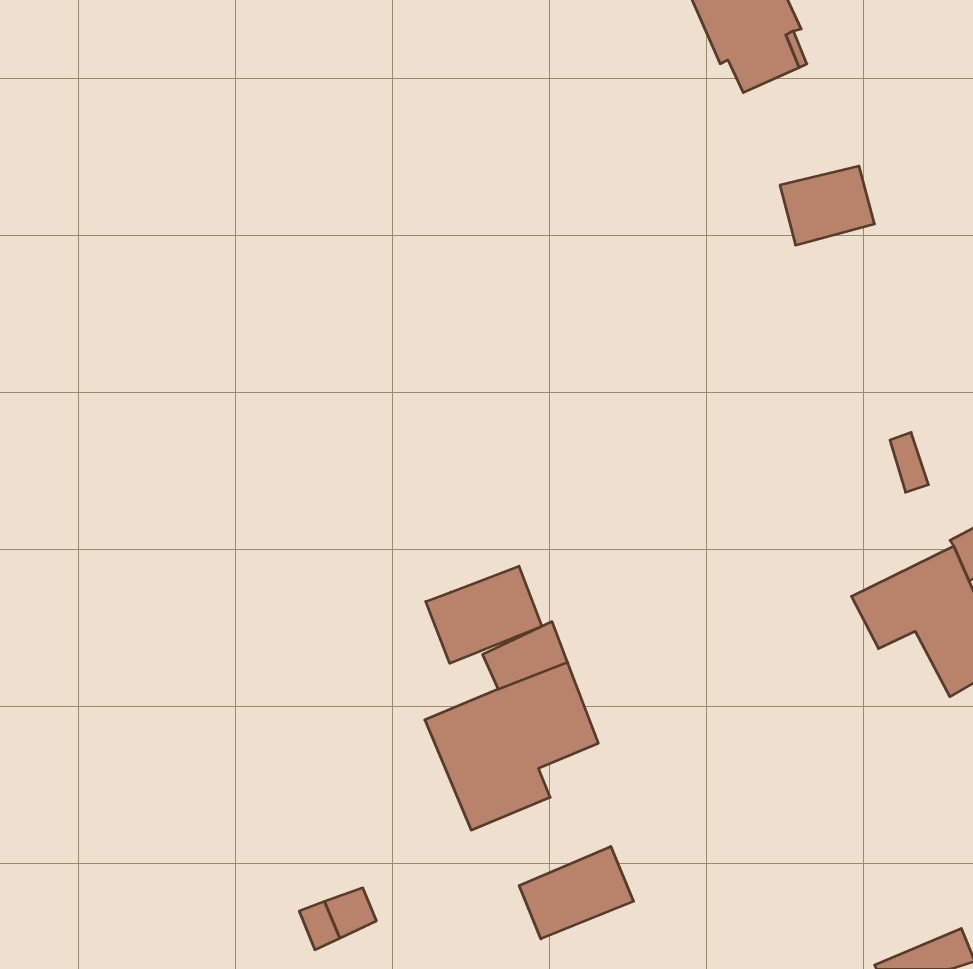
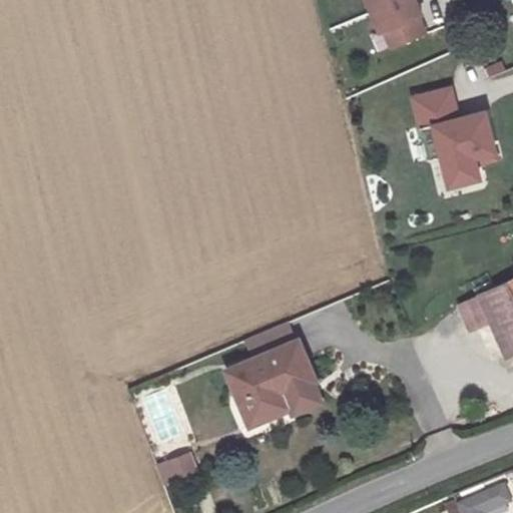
building: none -> [431,111,497,188]
building: [426,566,542,663] -> none
building: [519,846,634,939] -> none

